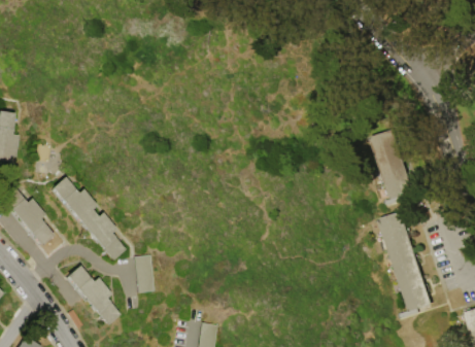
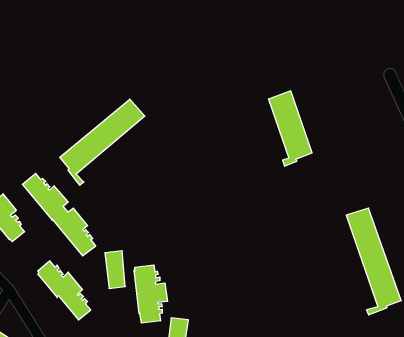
building: none -> [60,99,145,185]
building: [371,131,415,207] -> [268,91,312,166]
building: none -> [134,265,167,323]

